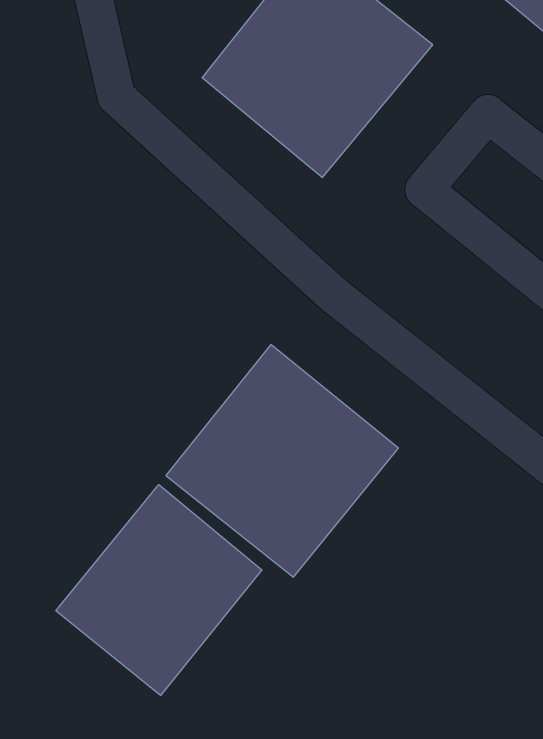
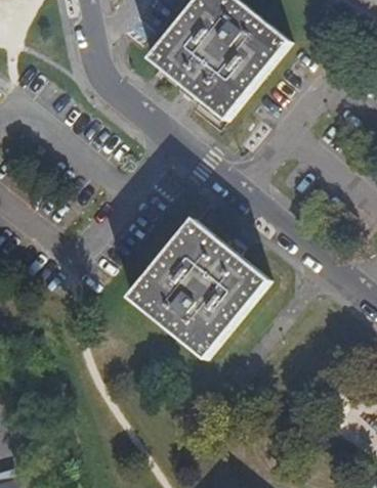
building: [56,485,262,695] -> none

